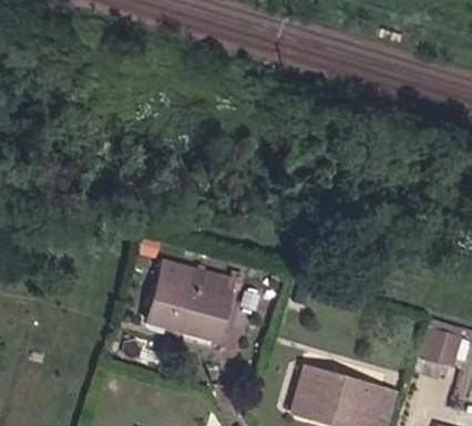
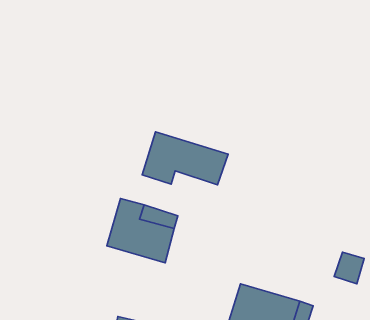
building: none -> [142,132,228,185]

